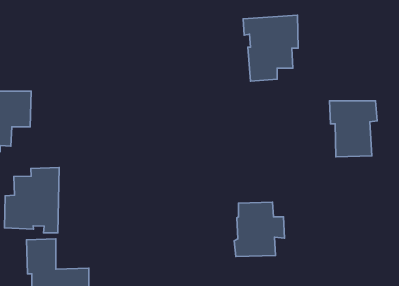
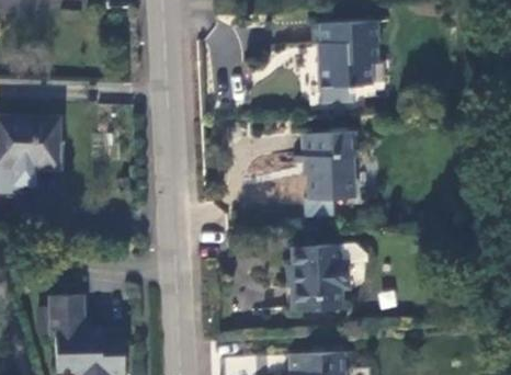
building: [330,101,377,157] -> [298,135,355,202]
building: [4,168,59,233] -> none

